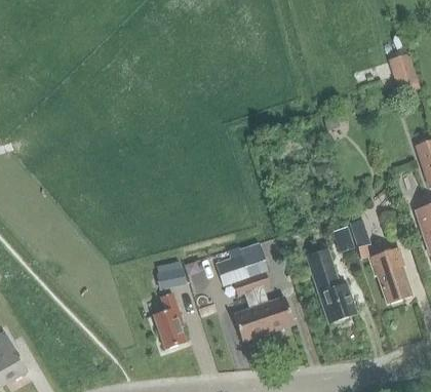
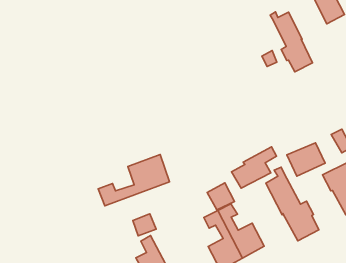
building: none -> [270,12,313,72]
building: none -> [98,154,169,206]
building: none -> [232,147,277,188]
building: [215,254,248,285] -> none

